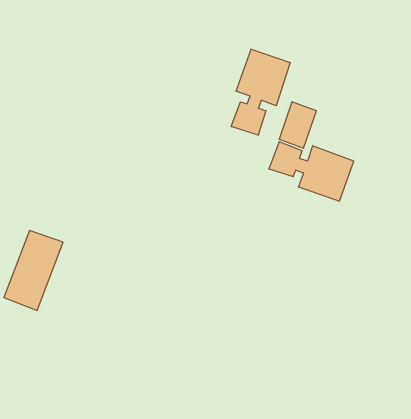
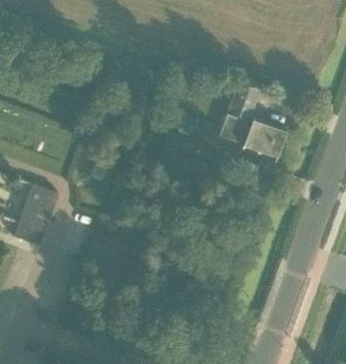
building: [231,49,290,135] -> none

